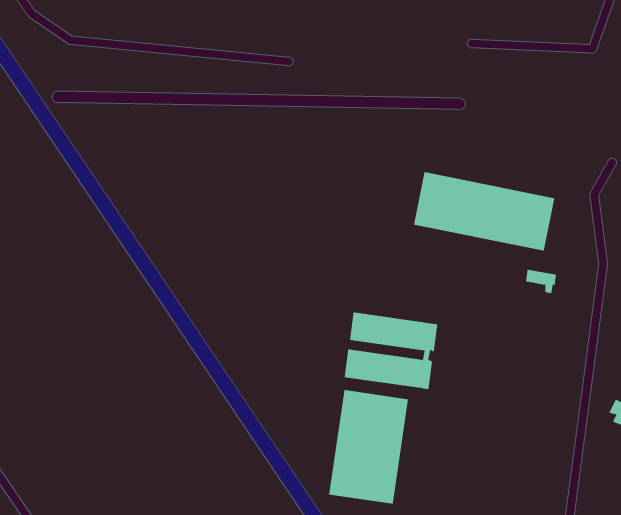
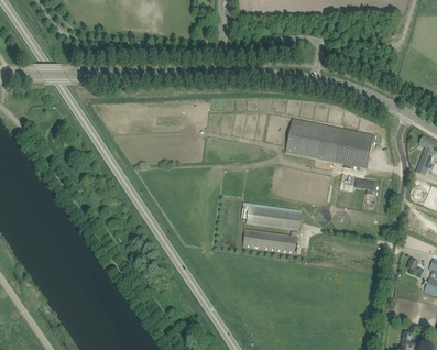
building: [329,389,409,505] -> none

